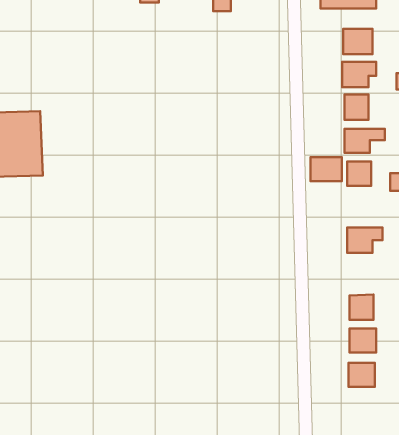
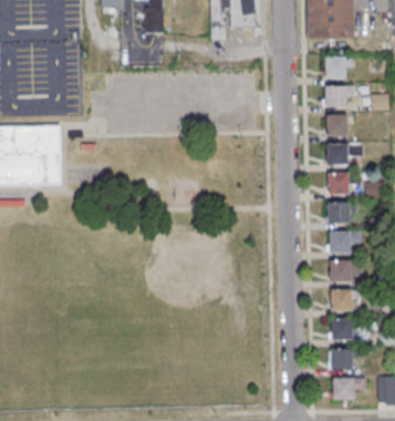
building: [310,157,342,181] -> [326,201,354,222]
building: none -> [328,259,351,280]
building: none -> [331,378,364,400]

